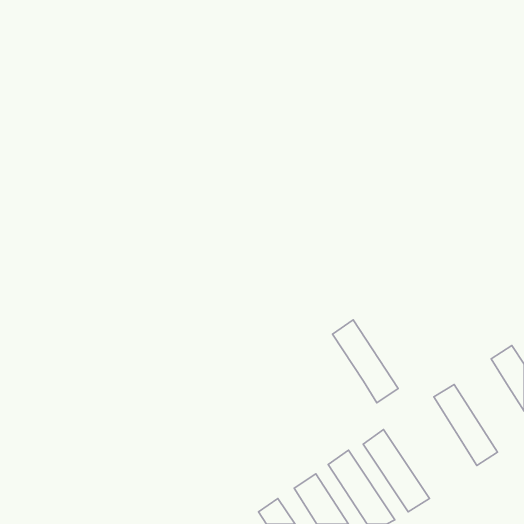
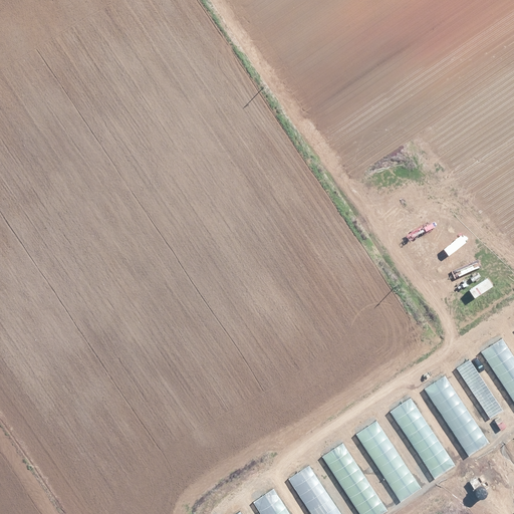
building: [333,320,398,403] -> [390,398,454,479]
building: none -> [455,358,503,420]

